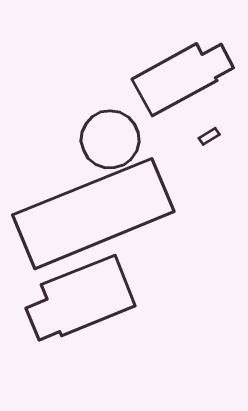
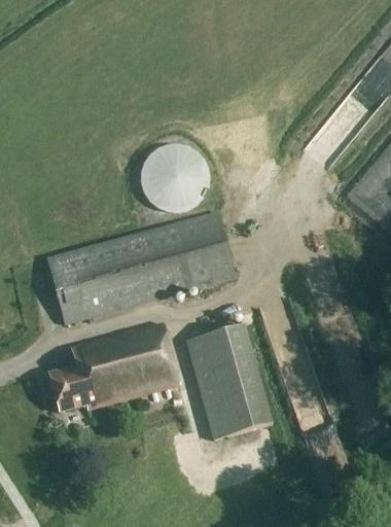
building: [132,43,234,116] -> none
building: none -> [184,326,271,442]

